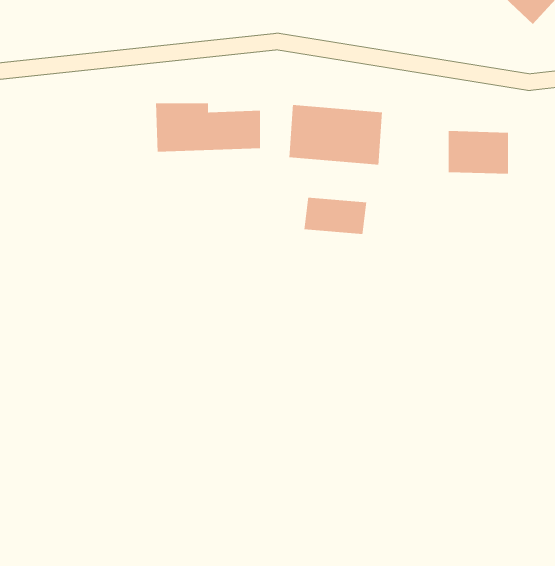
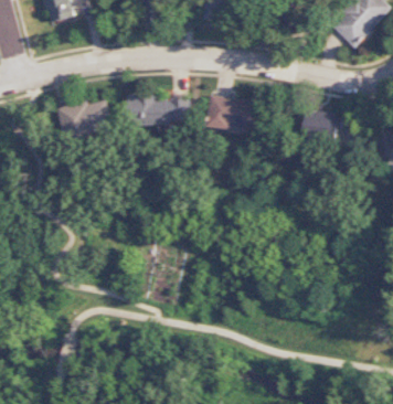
building: none -> [57,99,114,138]
building: [304,197,367,235] -> none

